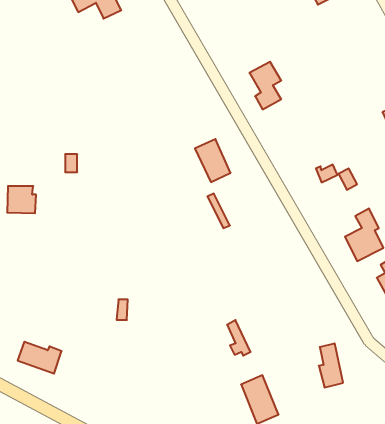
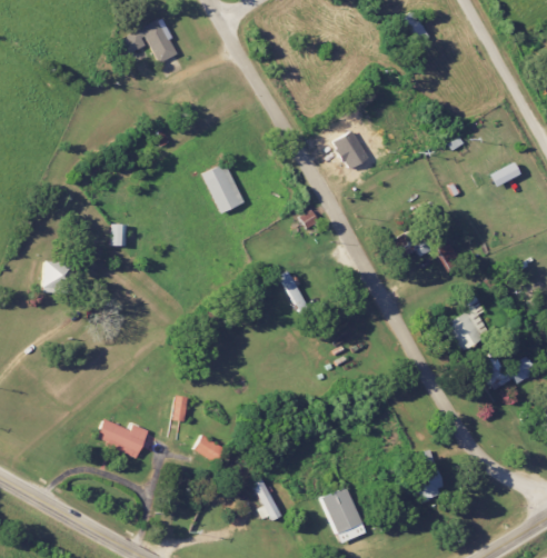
building: [195,139,231,182] -> [201,162,243,213]
building: [227,320,251,356] -> [252,479,280,521]
building: none -> [195,435,226,464]
building: [18,342,62,374] -> [96,419,148,457]

